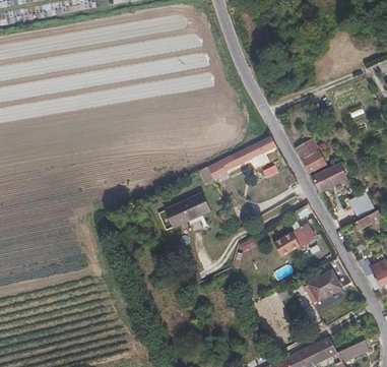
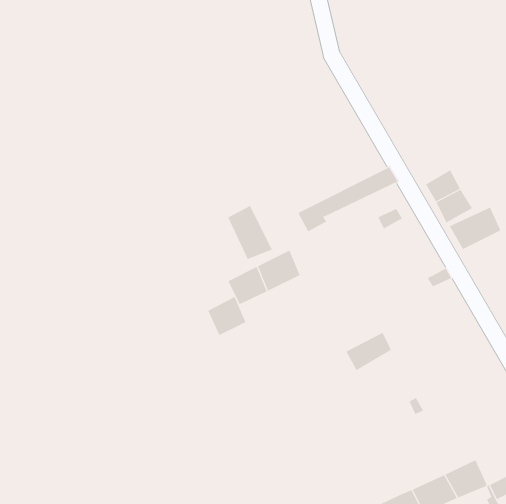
building: none -> [228,205,272,260]
building: [282,224,314,250] -> [346,332,392,371]
building: none -> [208,296,246,336]
building: [307,272,341,305] -> none

